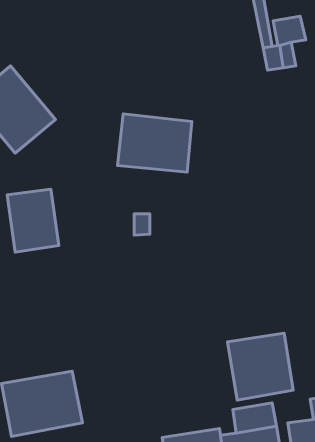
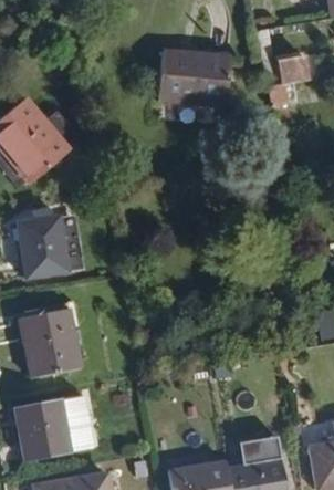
building: [118,114,192,172] -> [159,45,232,103]
building: none -> [18,303,80,379]
building: [228,333,293,400] -> none

